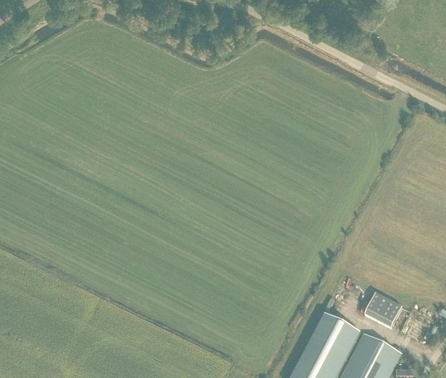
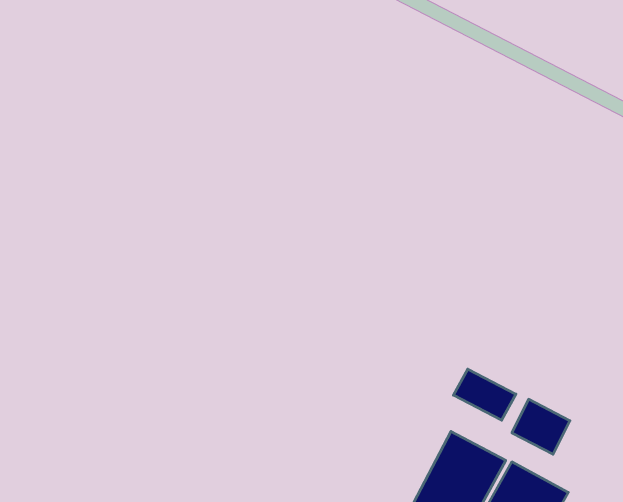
building: none -> [453,369,516,420]

